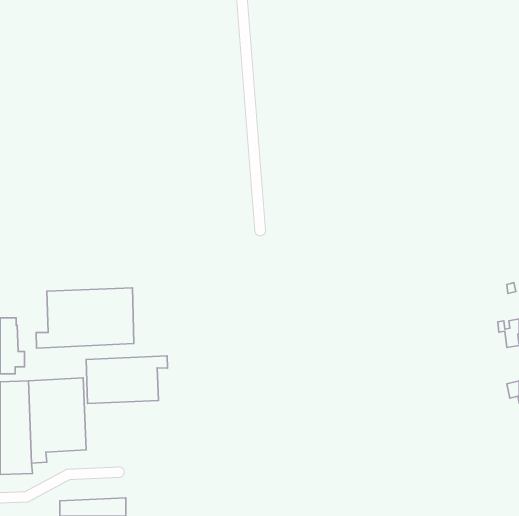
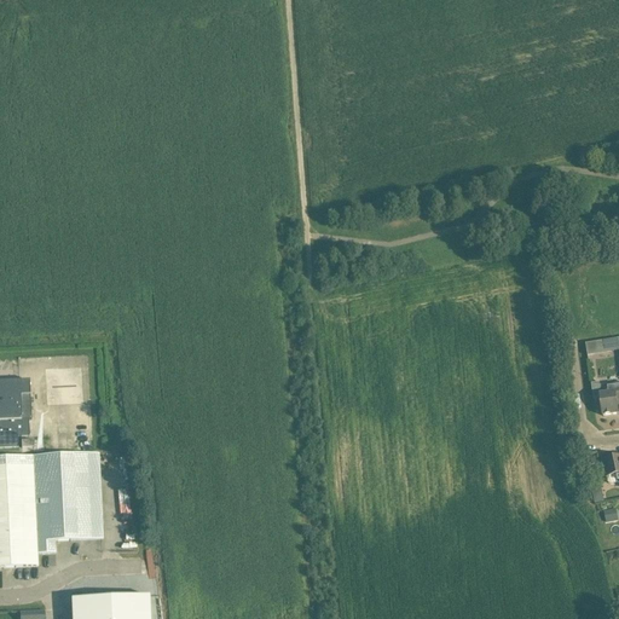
building: [36,288,134,348] -> none
building: [86,356,167,403] -> none

